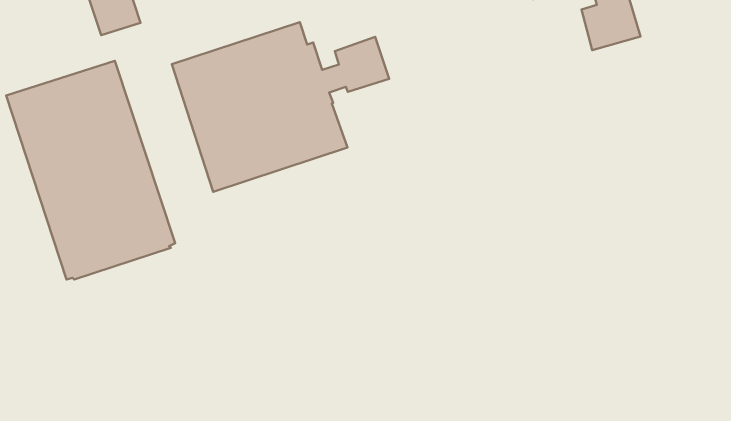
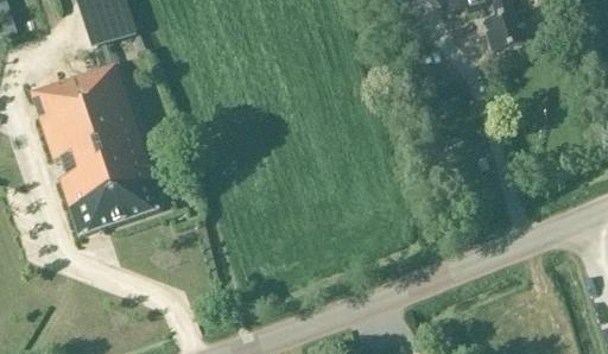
building: [172,22,389,192] -> none

